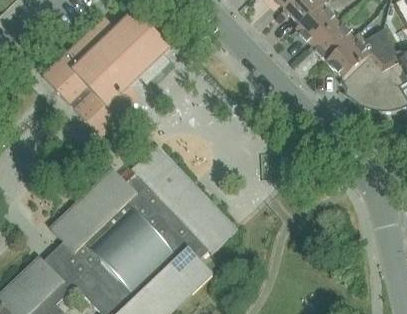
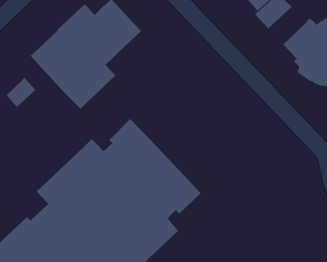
building: [311,20,353,62] -> none
building: none -> [6,77,36,108]

